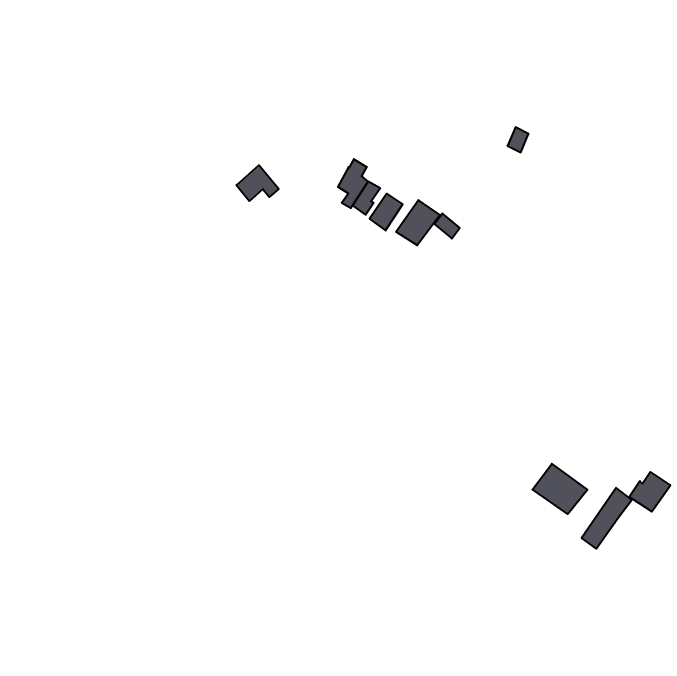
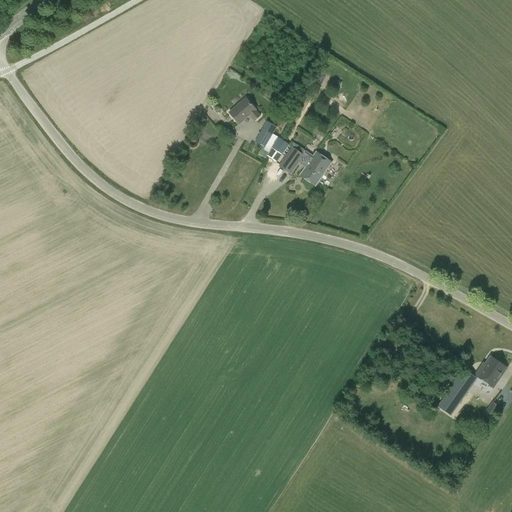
building: [236,165,279,201] -> [229,97,261,124]
building: [532,464,587,514] -> none

